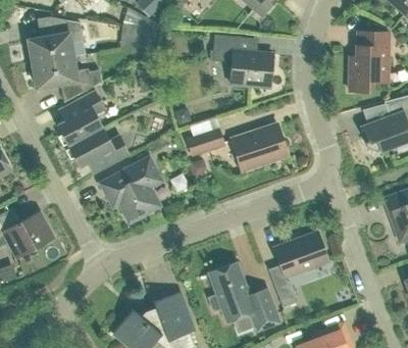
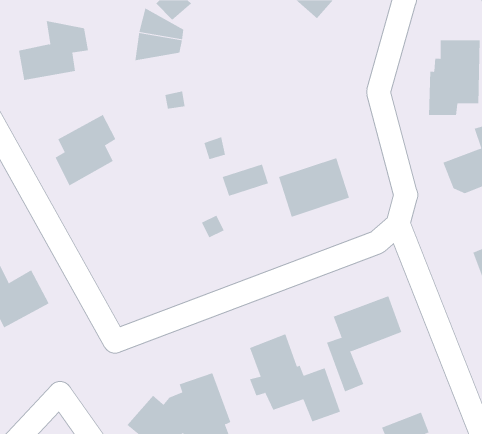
building: [212,34,273,87] -> none
building: [33,56,102,101] -> none
building: [68,127,130,173] -> none
building: [100,156,163,222] -> none

